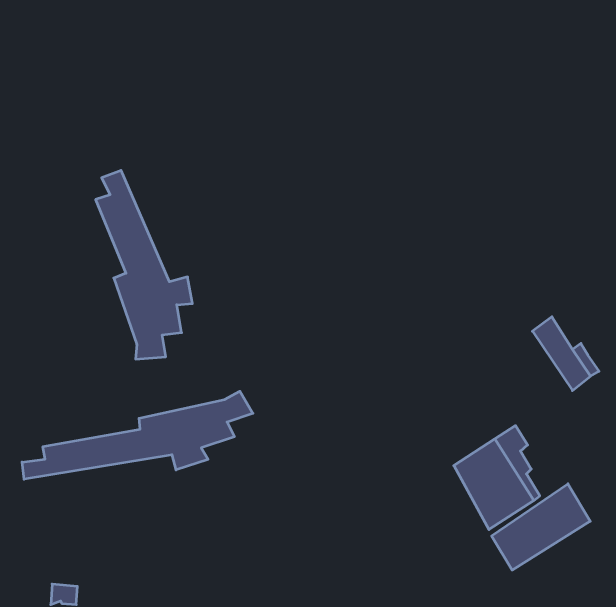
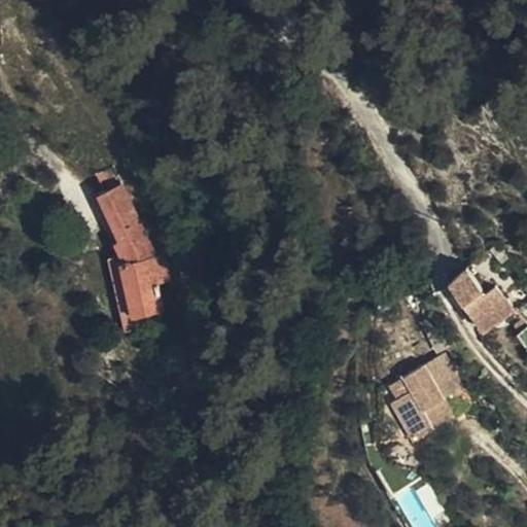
building: [22,391,253,479] -> none
building: [492,484,590,570] -> none

